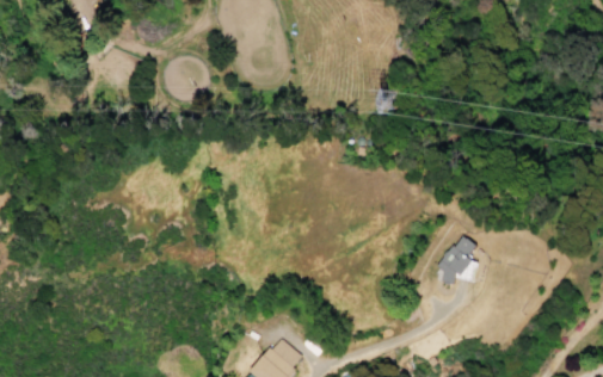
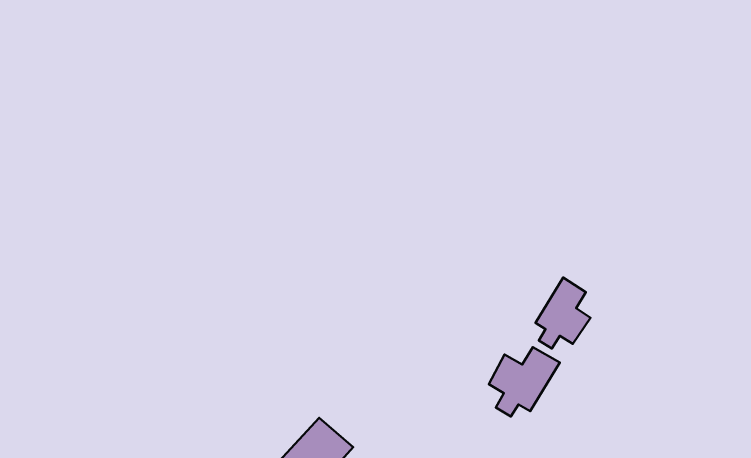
building: none -> [489,347,560,416]

